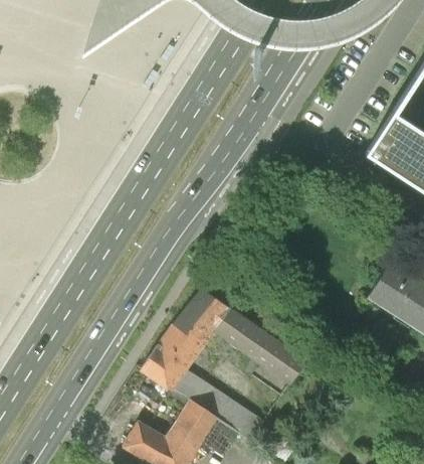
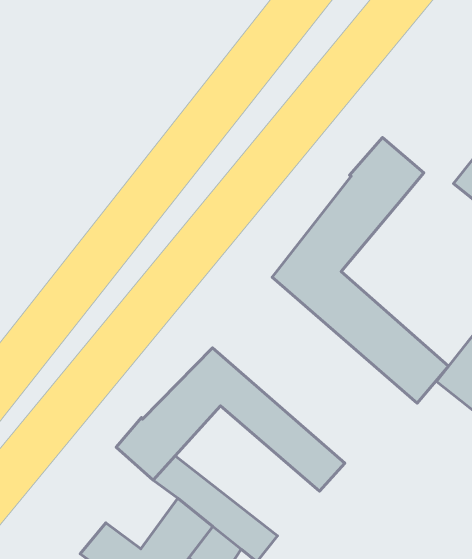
building: none -> [272,138,449,403]

